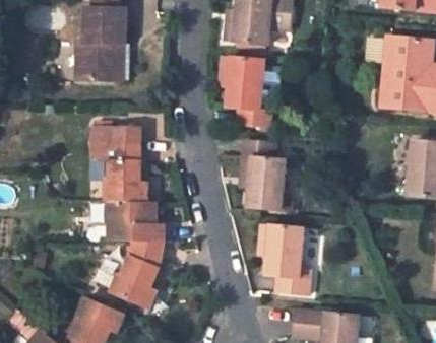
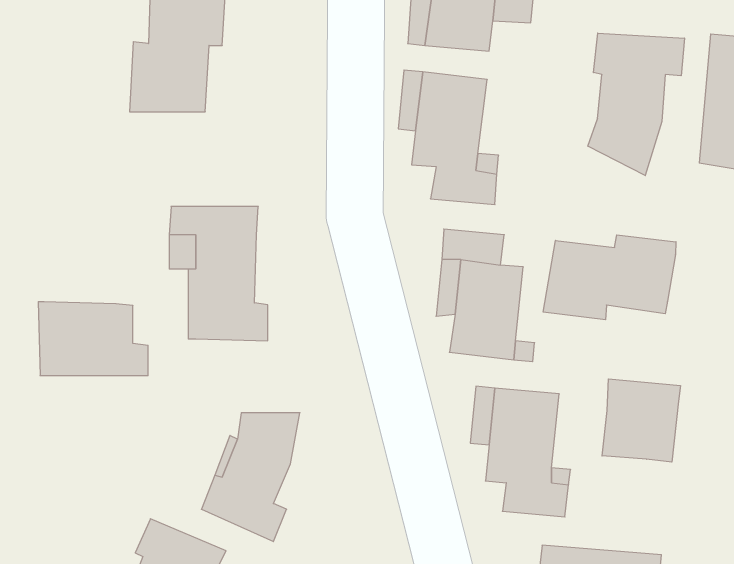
building: none -> [588,33,684,176]
building: none -> [543,235,676,320]
building: [106,200,165,239] -> [38,302,148,376]
building: none -> [602,379,680,462]

